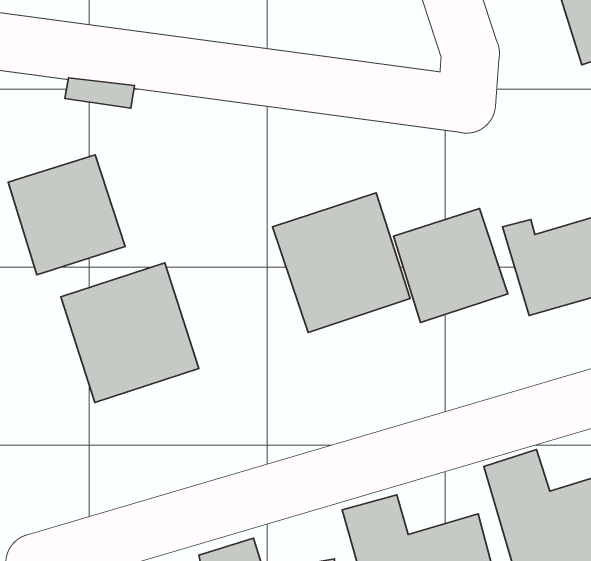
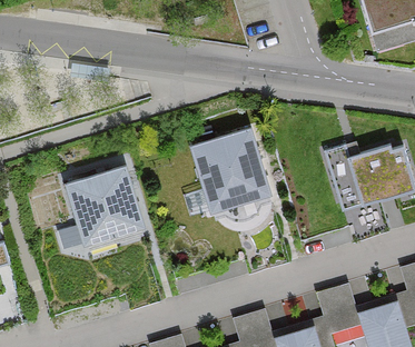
building: [8,155,125,275] -> none
building: [393,208,508,322] -> none

